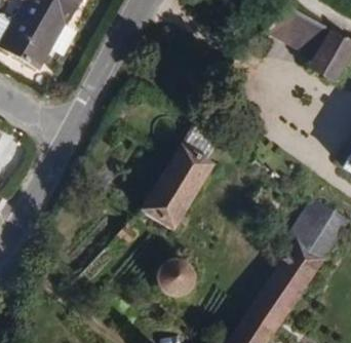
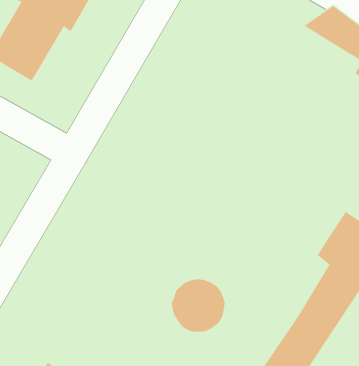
building: [131,140,209,232] -> none

